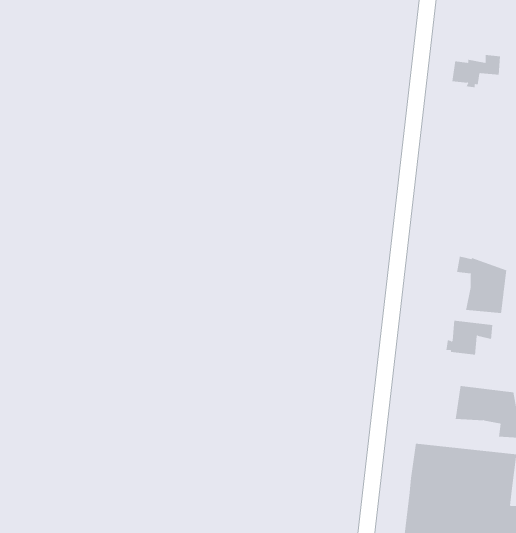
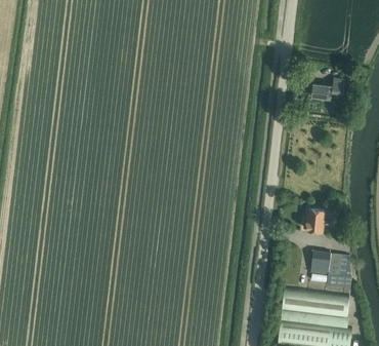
building: [451,54,501,88] -> [311,79,343,101]
building: [457,256,507,314] -> none

